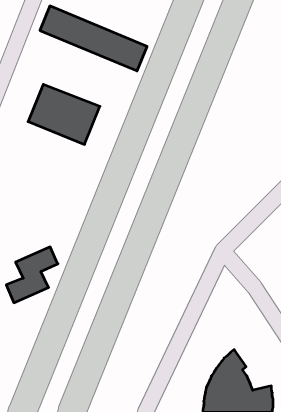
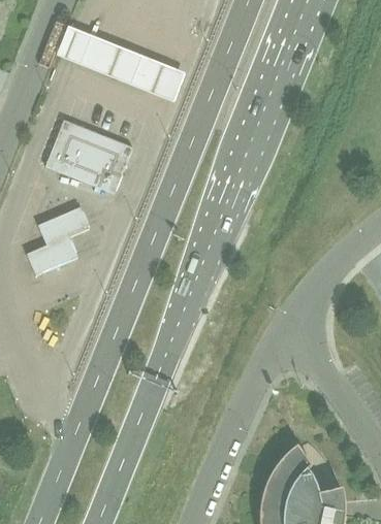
building: [6,247,58,303] -> [27,207,90,275]

